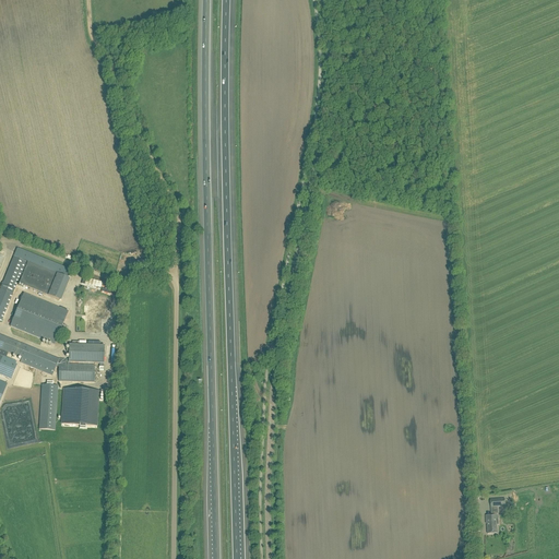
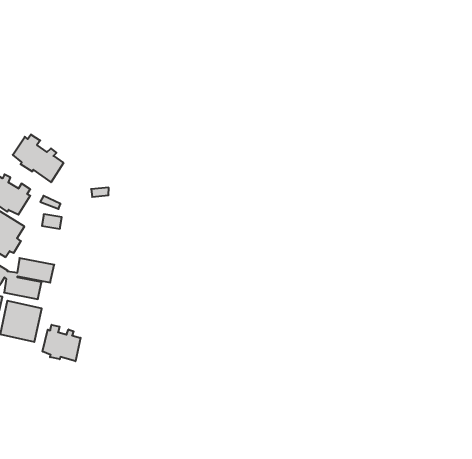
building: none -> [13,134,63,182]
building: none -> [43,325,81,361]

